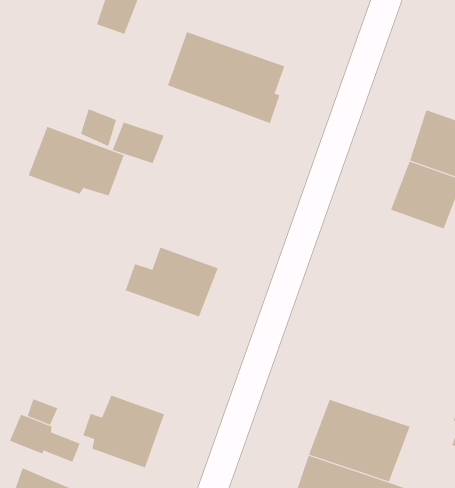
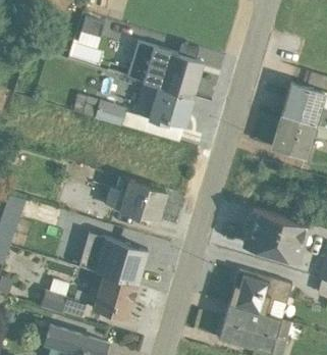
building: [28,126,125,196] -> [132,83,193,124]
building: none -> [242,209,309,262]
building: none -> [78,234,147,285]

